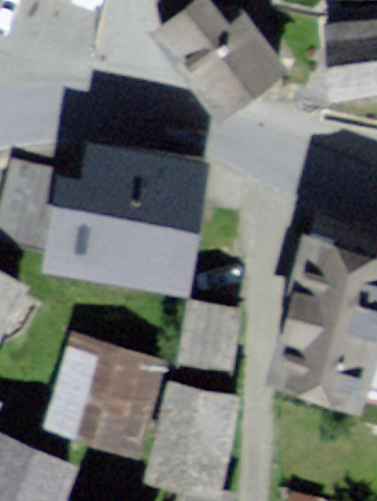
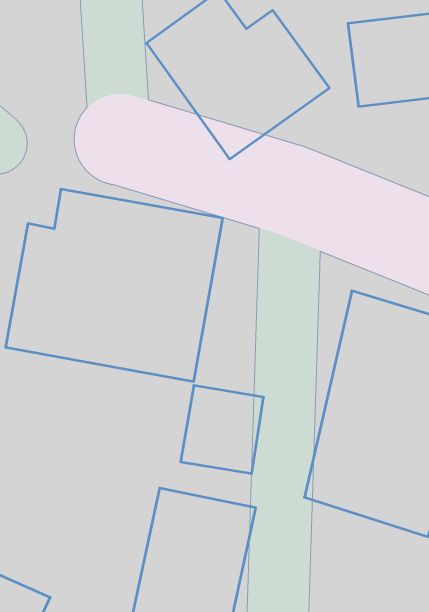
building: [43,332,168,457] -> none

